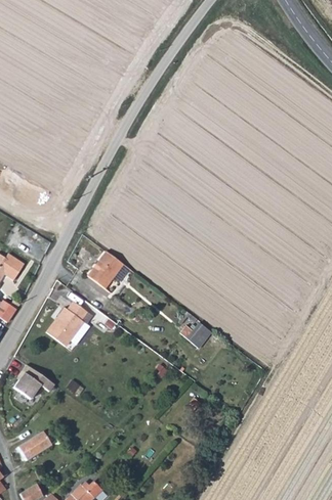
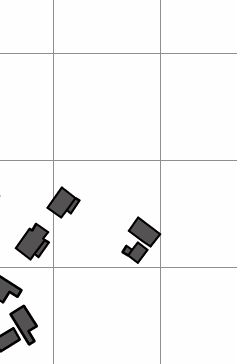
building: none -> [129,217,160,247]
building: none -> [10,306,37,344]

